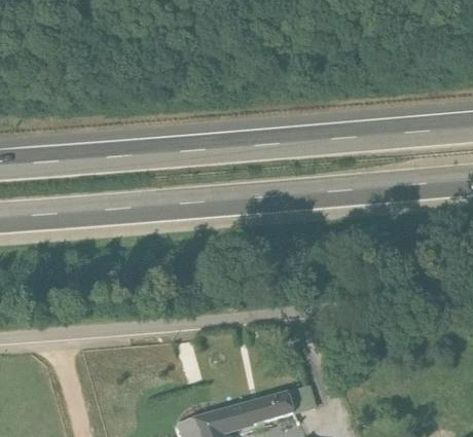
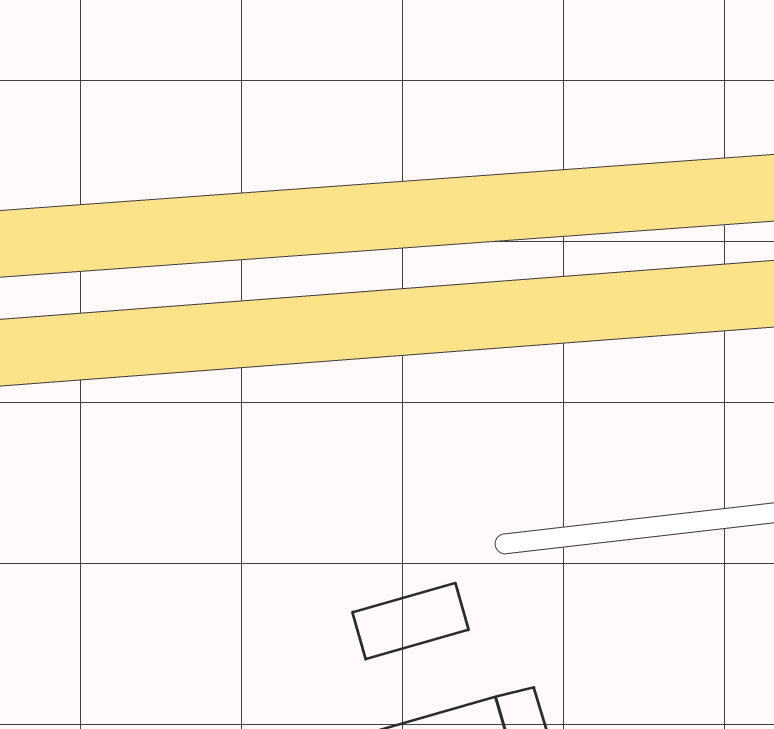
building: none -> [353,583,468,659]

